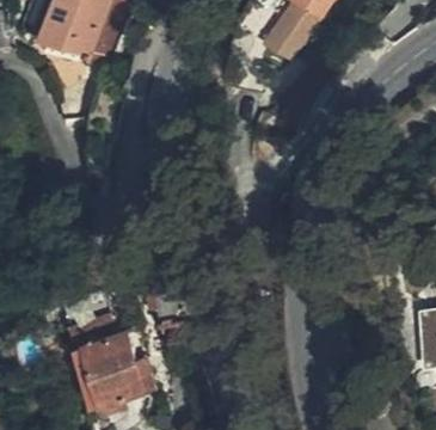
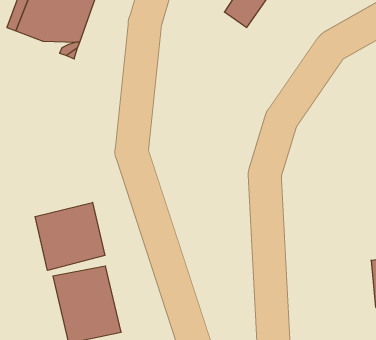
building: none -> [35,202,105,270]

